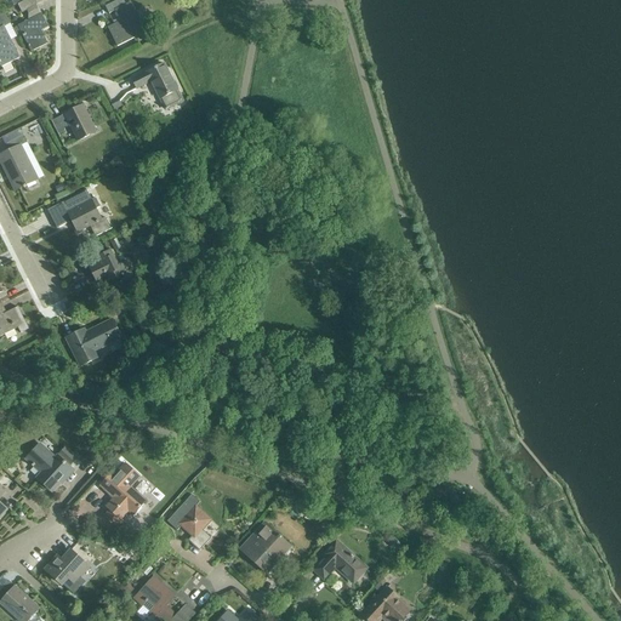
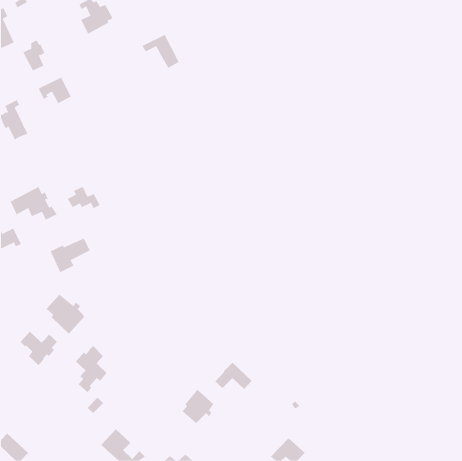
building: [18,7,49,50] -> [23,39,45,71]
building: [132,63,183,109] -> [142,34,180,69]
building: [49,189,113,235] -> [10,186,58,221]
building: none -> [46,294,85,335]
building: [169,494,212,549] -> none
building: [313,542,364,580] -> [214,362,252,390]
building: [46,549,89,583] -> none

